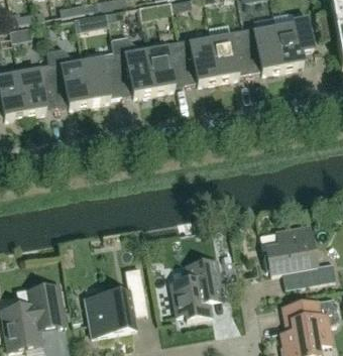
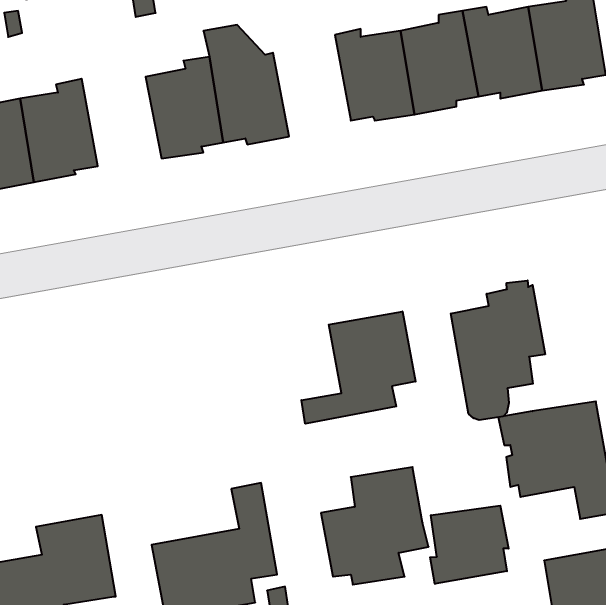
building: [146,40,186,92] -> none
building: [47,47,90,107] -> none
building: none -> [451,280,545,420]
building: none -> [301,311,416,424]
building: none -> [430,506,509,584]

